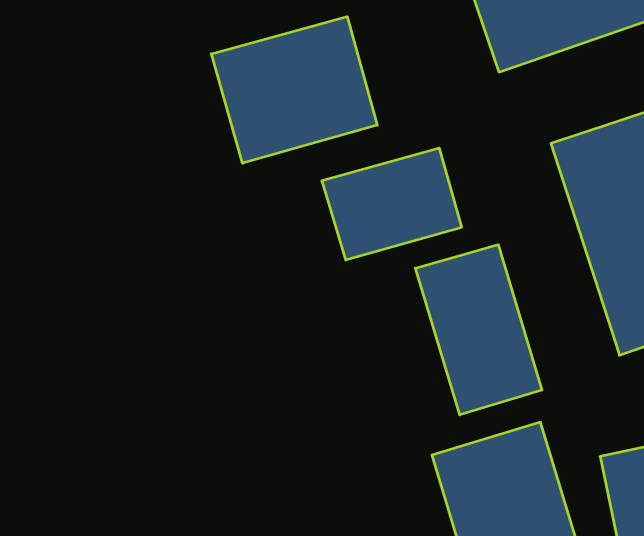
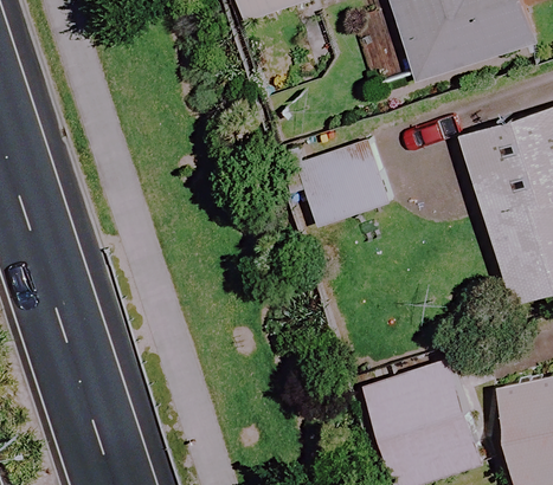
building: [211,17,377,163] -> none
building: [415,245,542,415] -> none

